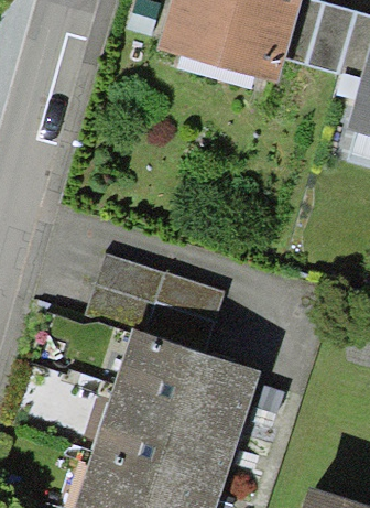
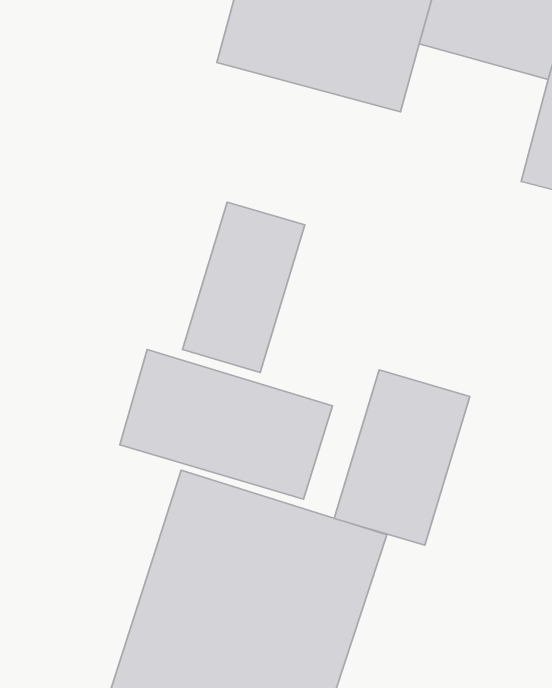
building: none -> [183,202,305,372]
building: none -> [334,370,470,545]

